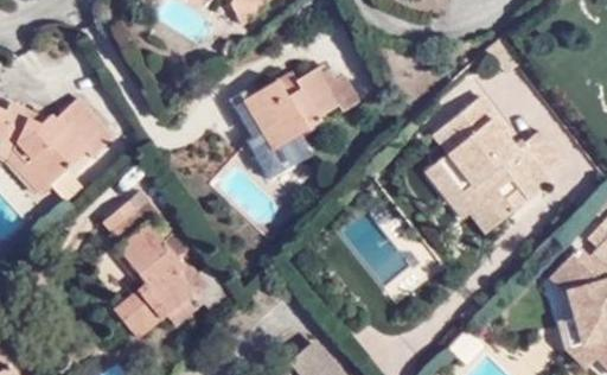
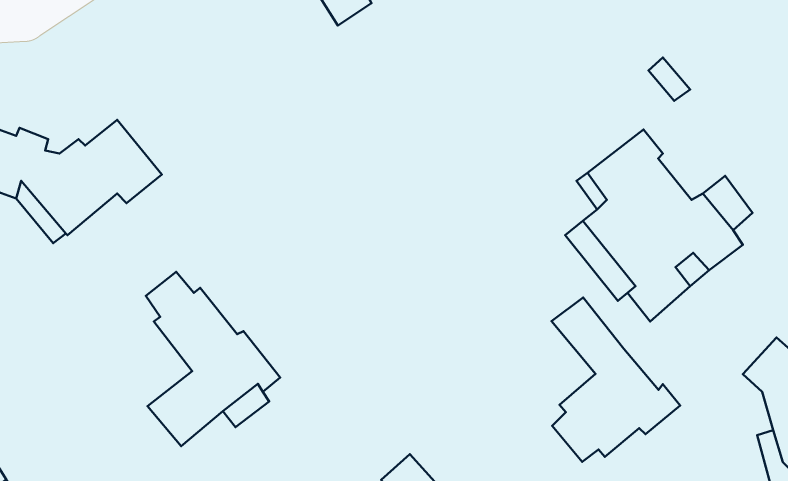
building: [247,70,359,178] -> none
building: none -> [552,297,680,462]

